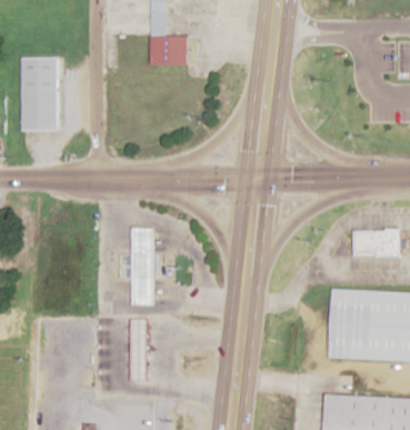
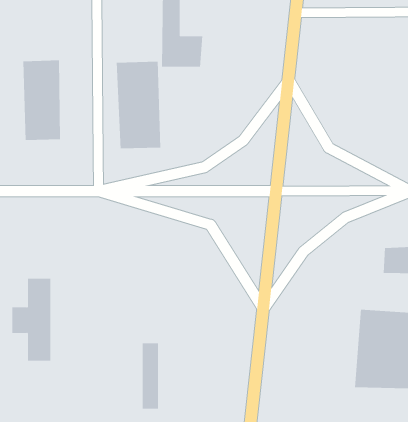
building: none -> [116,61,161,149]
building: [119,228,156,304] -> [11,278,51,361]

